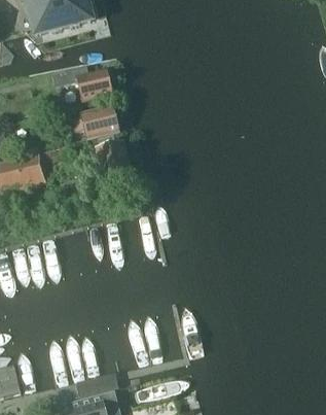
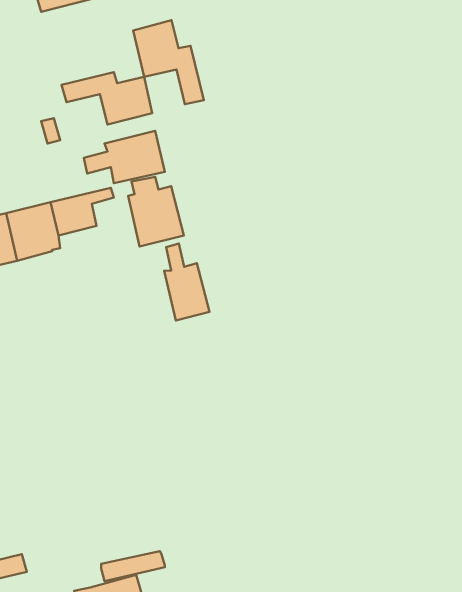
building: none -> [133,20,204,104]
building: none -> [164,244,210,320]

